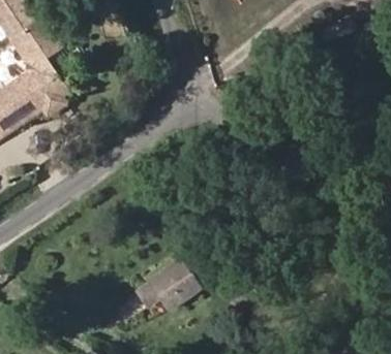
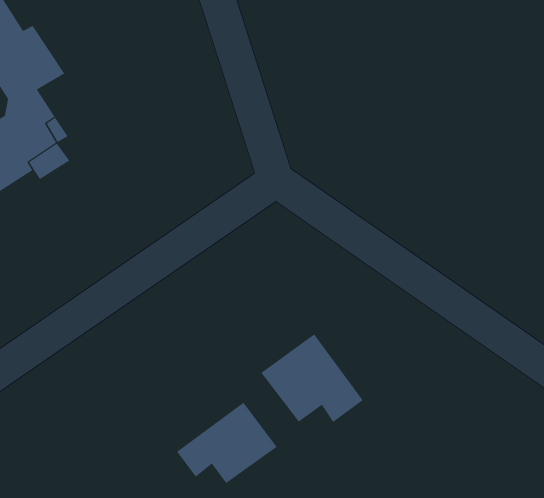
building: none -> [261,333,364,423]

